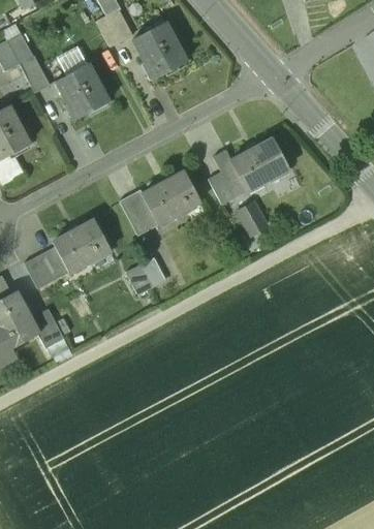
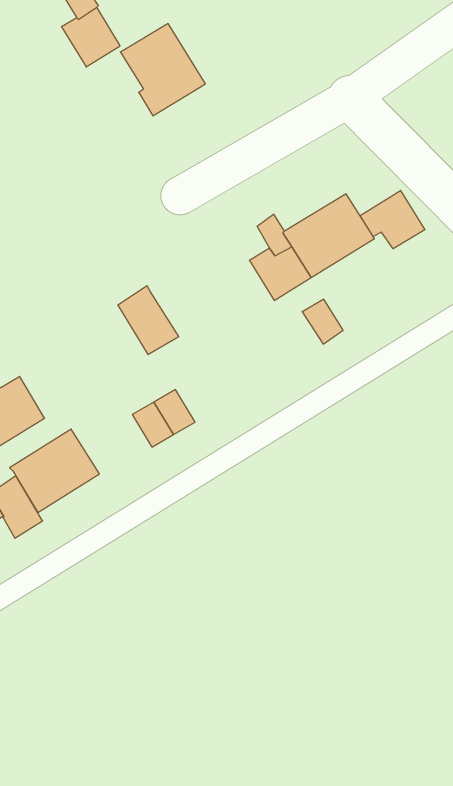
building: [57,46,108,119] -> none
building: none -> [360,190,425,249]
building: [143,172,200,224] -> none
building: [53,219,111,272] -> [10,429,99,513]

